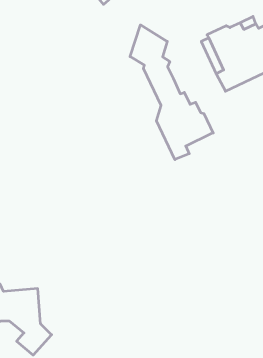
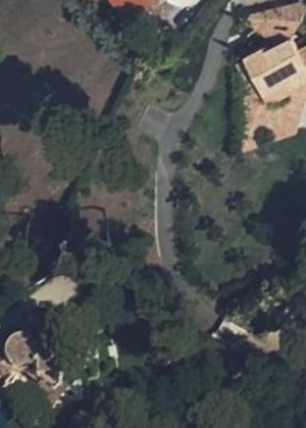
building: [130,25,213,160] -> none

